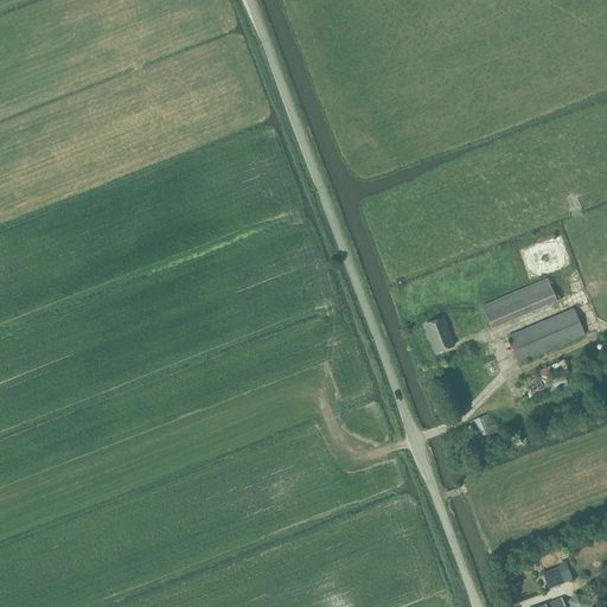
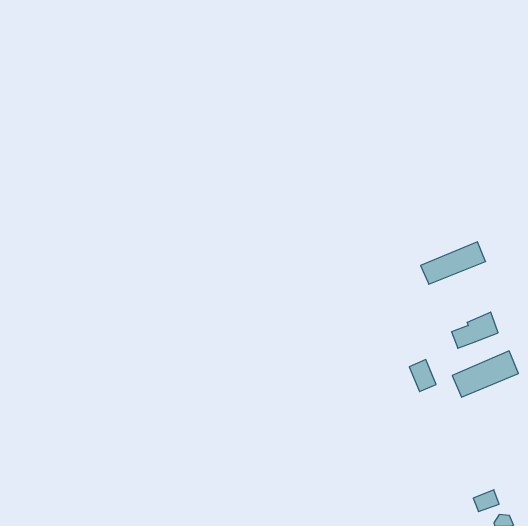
building: [509,307,584,360] -> [452,351,518,397]
building: [424,317,453,352] -> none

